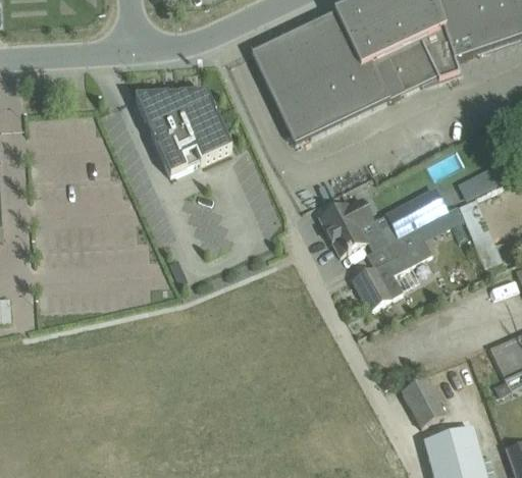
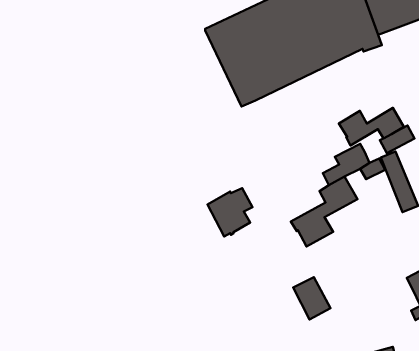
building: [135,90,231,173] -> none
building: none -> [339,108,404,146]
building: [320,196,373,253] -> [208,188,253,236]
building: [402,375,446,425] -> [293,277,330,319]

